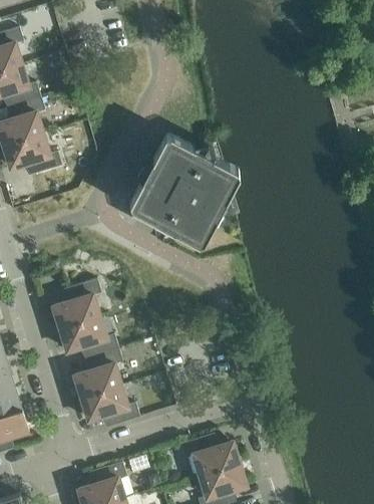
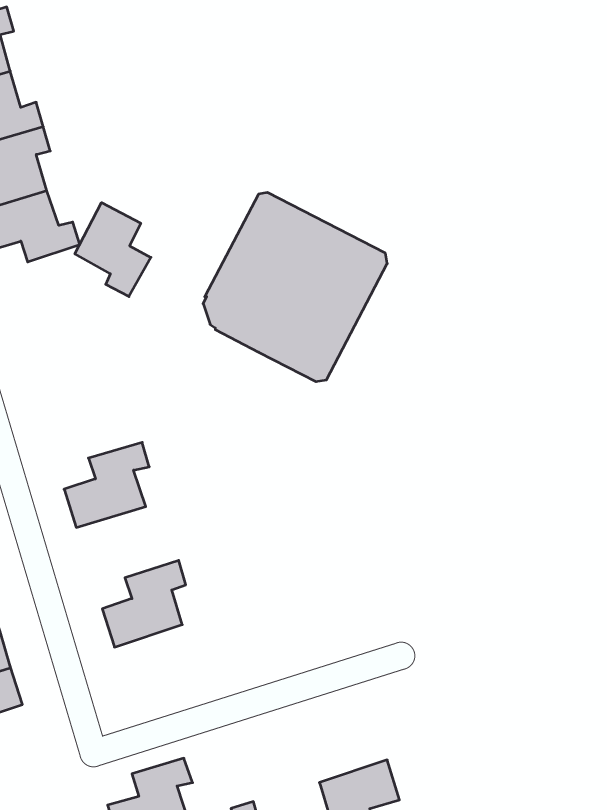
building: none -> [75,203,151,297]
building: [60,318,119,359] -> none
building: [82,387,140,429] -> none
building: [181,436,240,478] -> none

